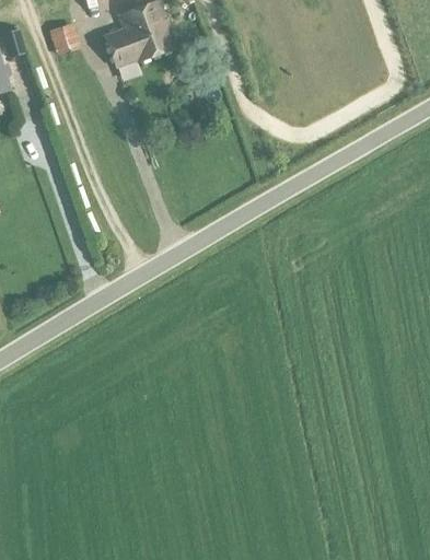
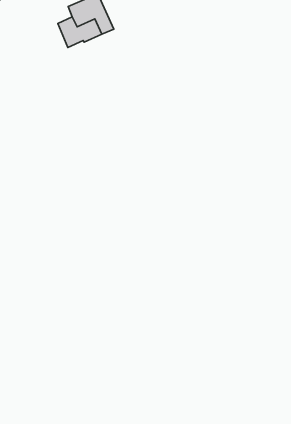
building: [49,21,81,54] -> none

